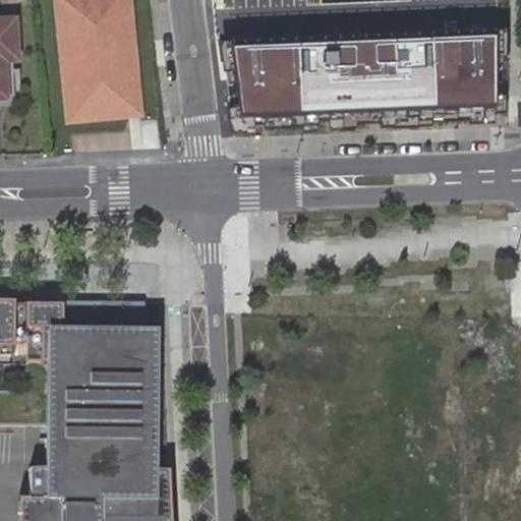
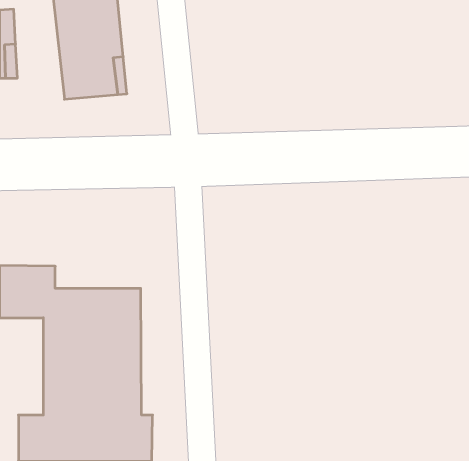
building: [235,35,505,122] -> none

